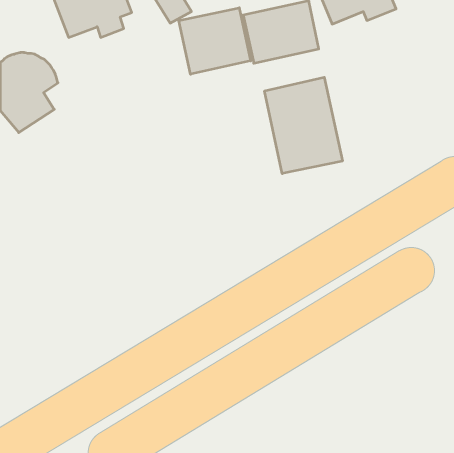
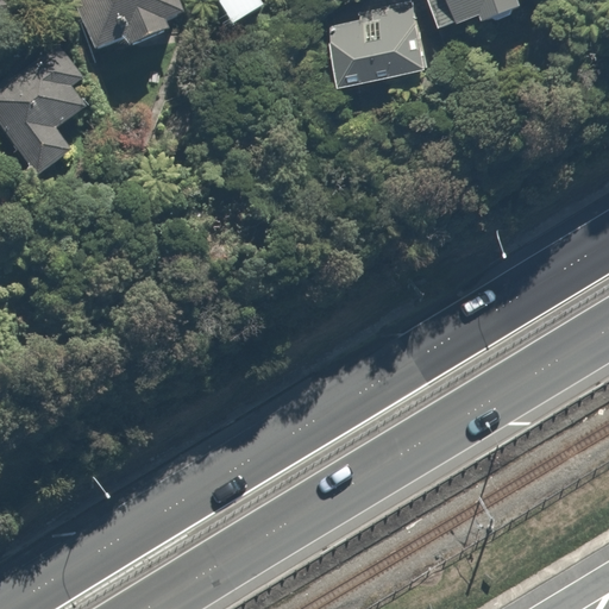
building: [179,8,251,74] -> none
building: [265,77,342,174] -> none

